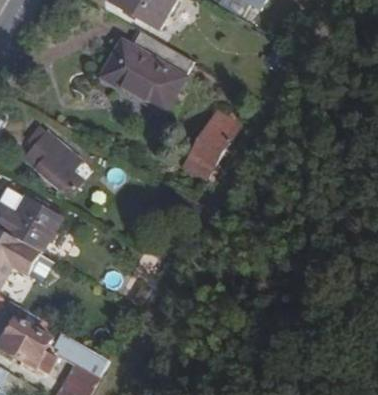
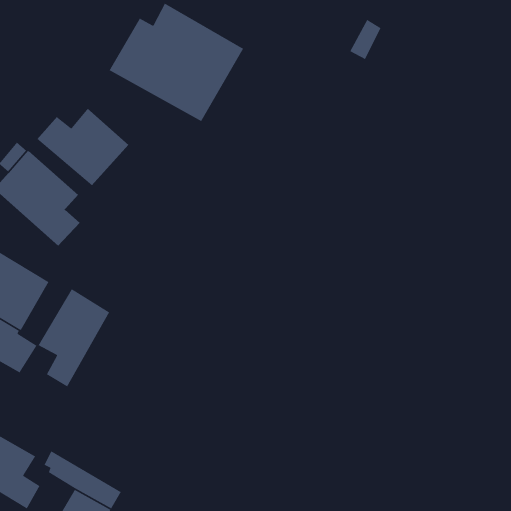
building: none -> [36,108,129,186]
building: [183,111,239,179] -> none
building: none -> [38,288,110,387]

